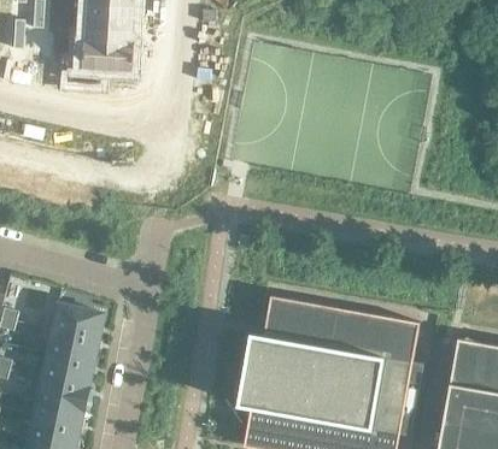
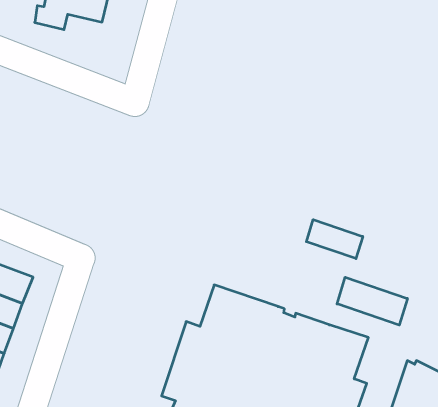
building: none -> [306,220,363,259]
building: none -> [337,277,407,325]

